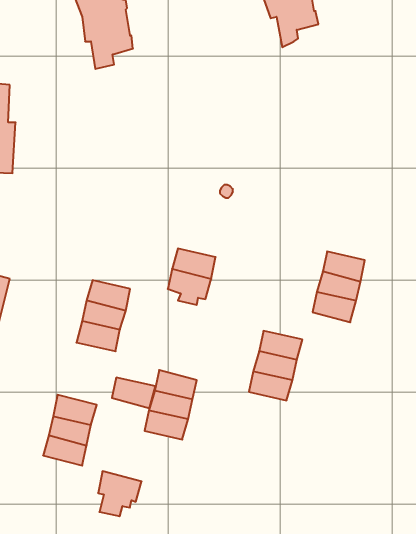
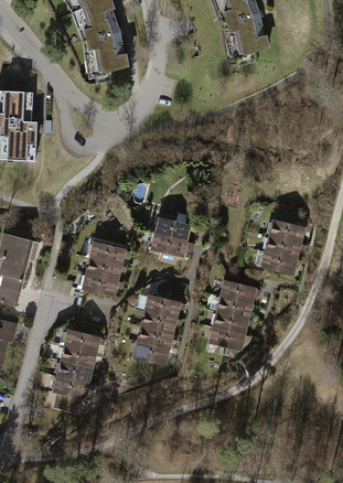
building: [112,378,155,408] -> [146,294,179,318]
building: none -> [211,326,243,348]
building: [98,471,142,516] -> [54,375,87,409]

